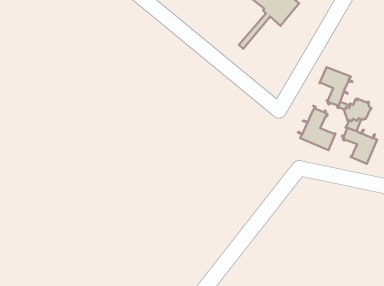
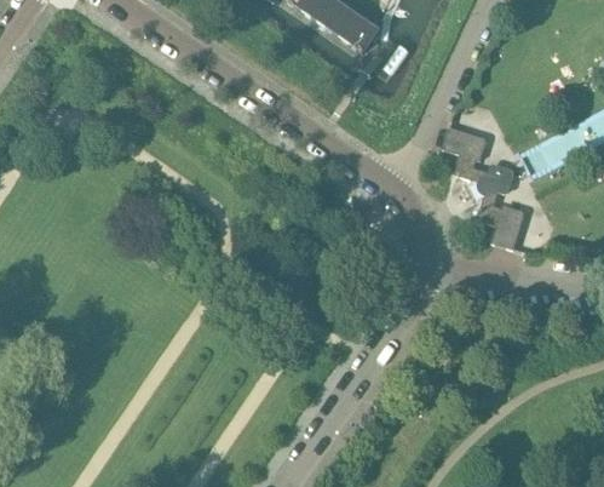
building: [298,106,336,150] -> none

